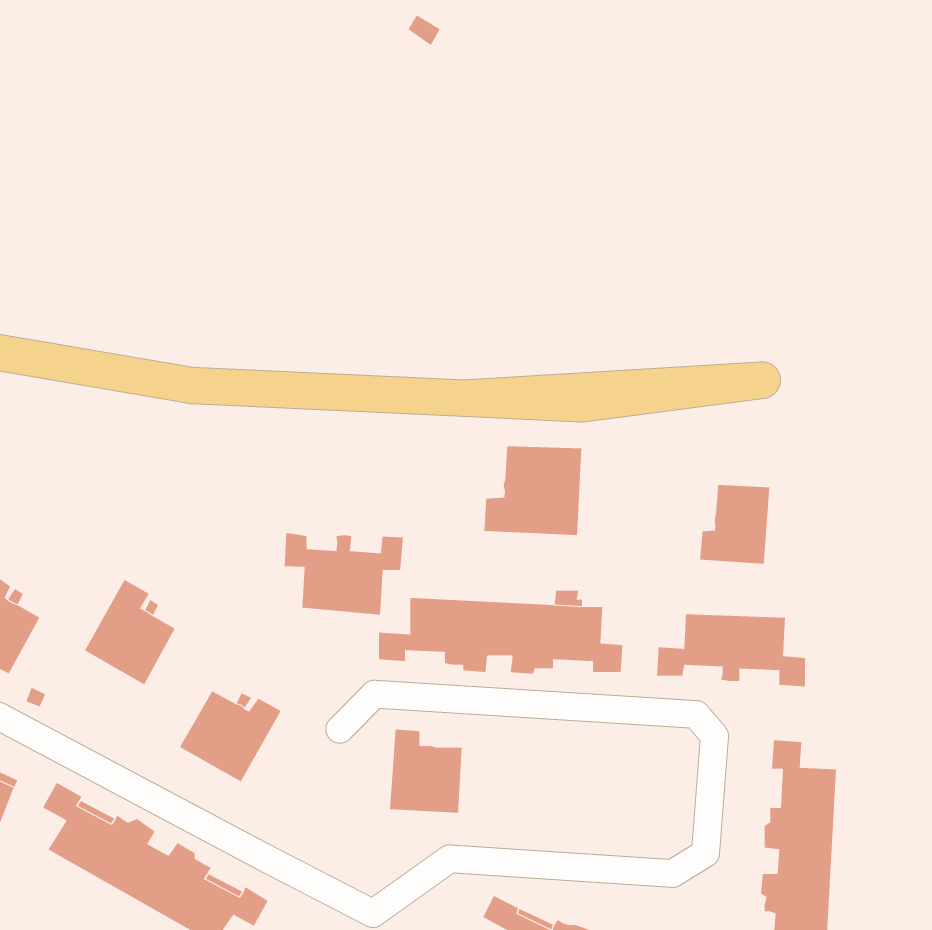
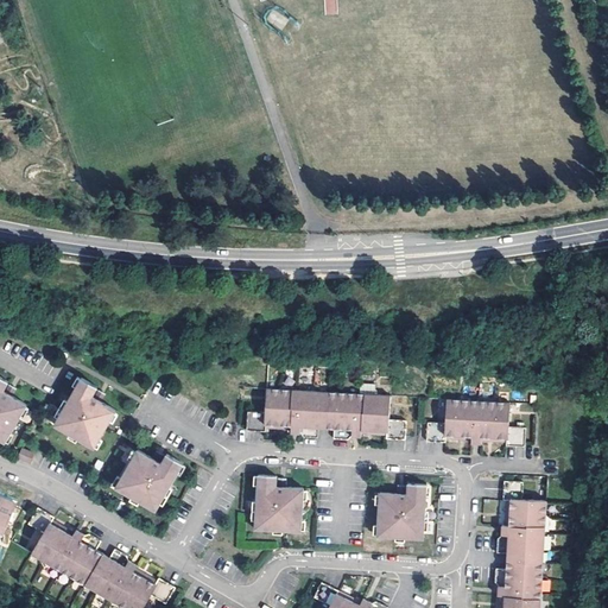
building: [484,445,582,536] -> none
building: [700,484,770,565] -> none
building: [284,532,404,616] -> none
building: none -> [376,484,424,538]

